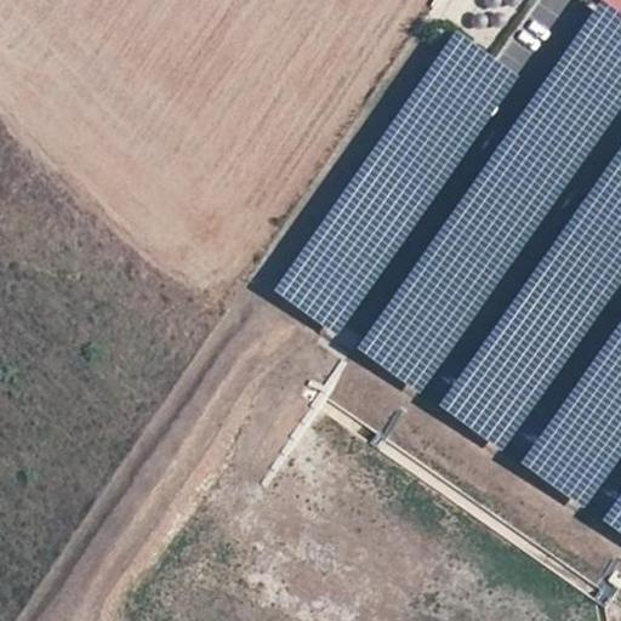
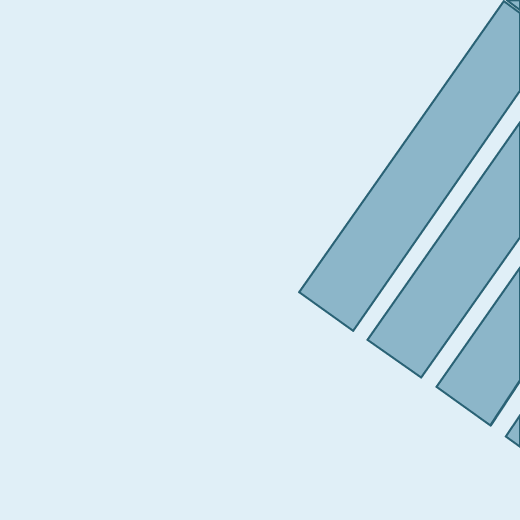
building: [275,30,519,331] -> none

